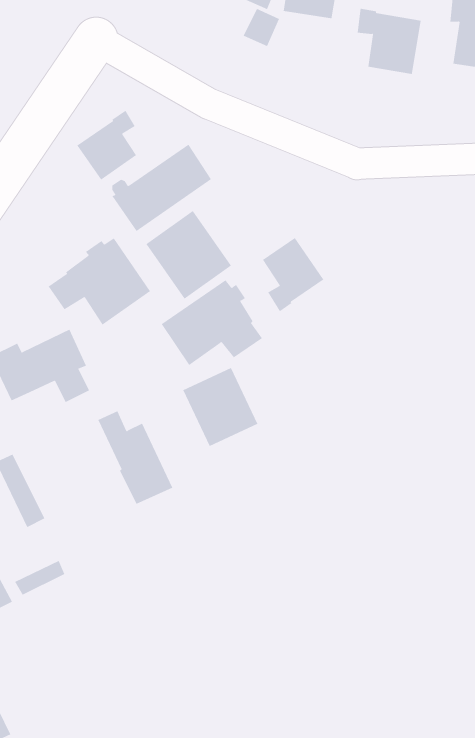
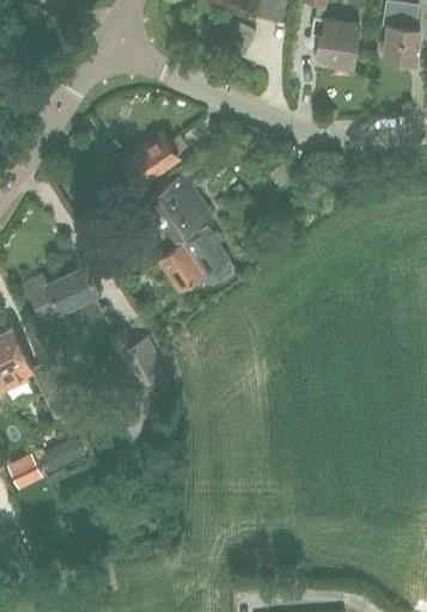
building: [77,110,137,180] -> none
building: [262,237,324,312] -> none
building: [48,238,151,326] -> none
building: [182,367,258,447] -> none

